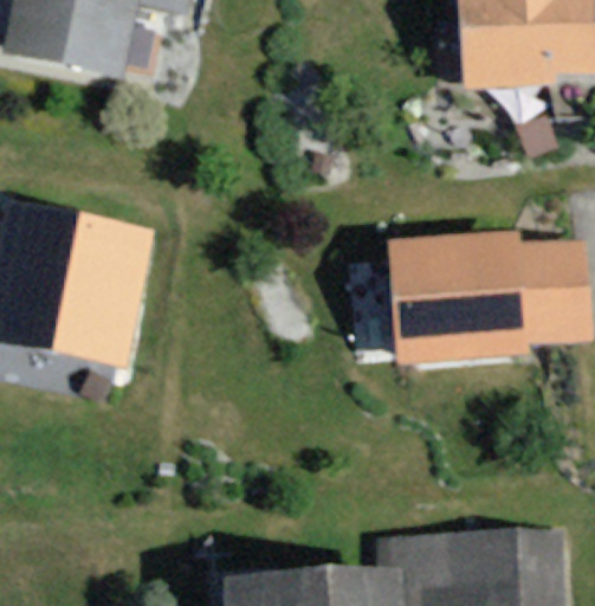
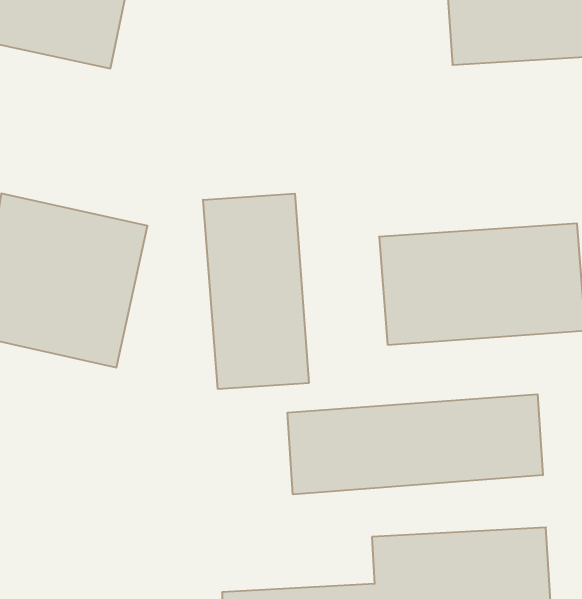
building: none -> [203,194,309,389]
building: none -> [288,394,543,494]

